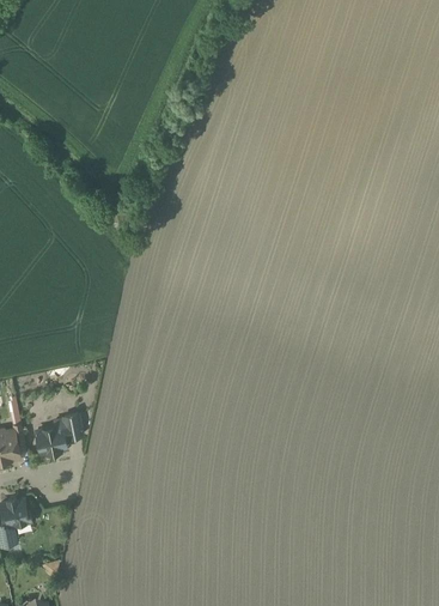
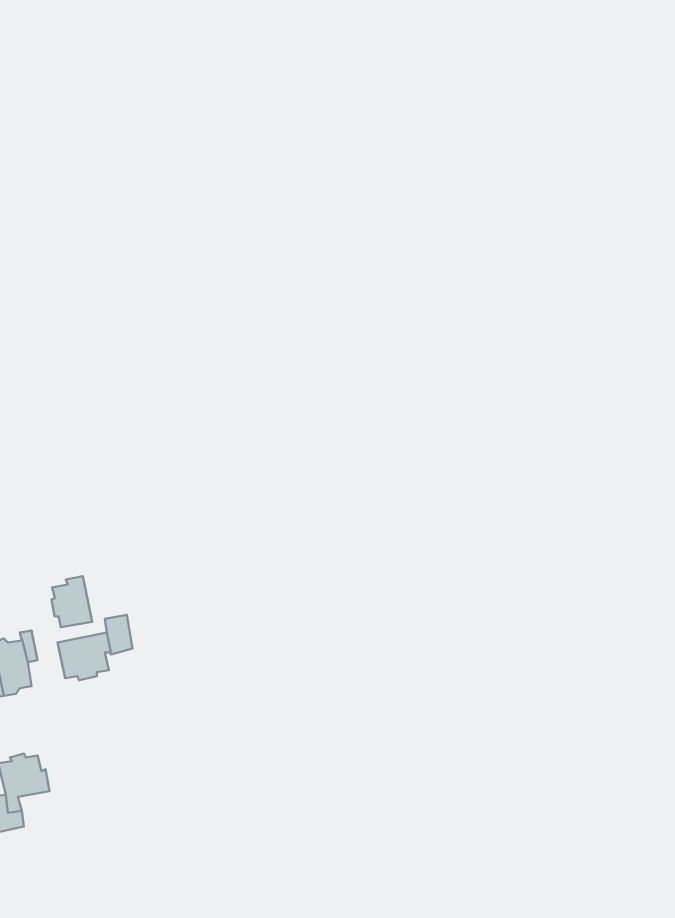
building: none -> [52,576,92,627]

